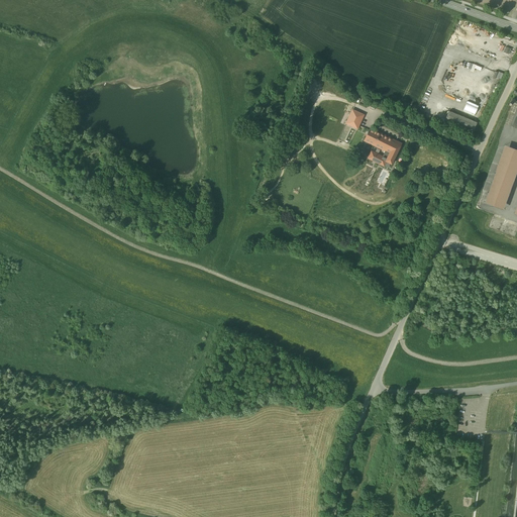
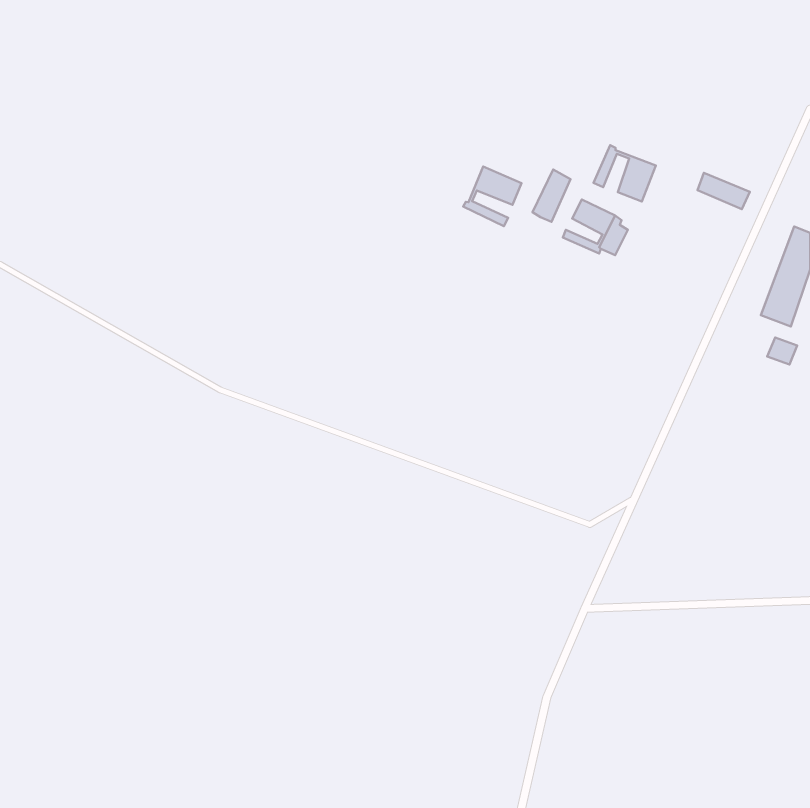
building: none -> [594,145,656,201]
building: none -> [463,166,522,226]

